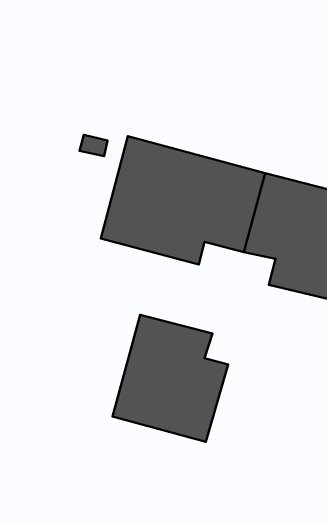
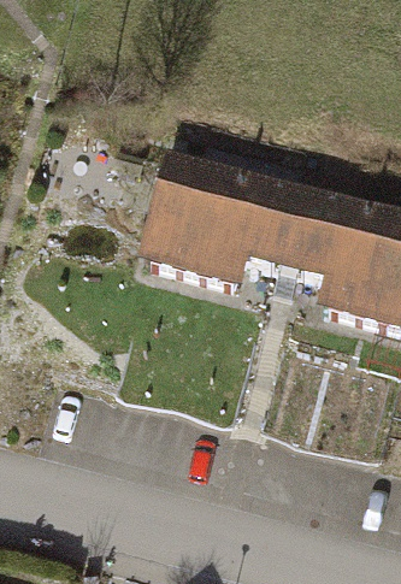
building: [113,315,228,442] -> none

